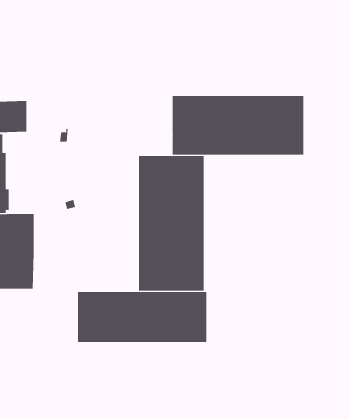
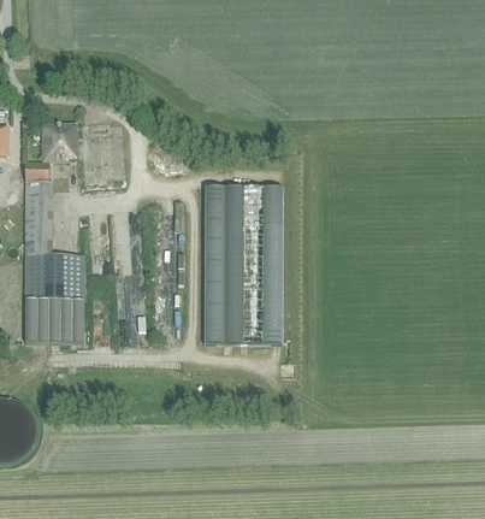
building: [172,95,304,156] -> none
building: [77,291,207,343] -> none

